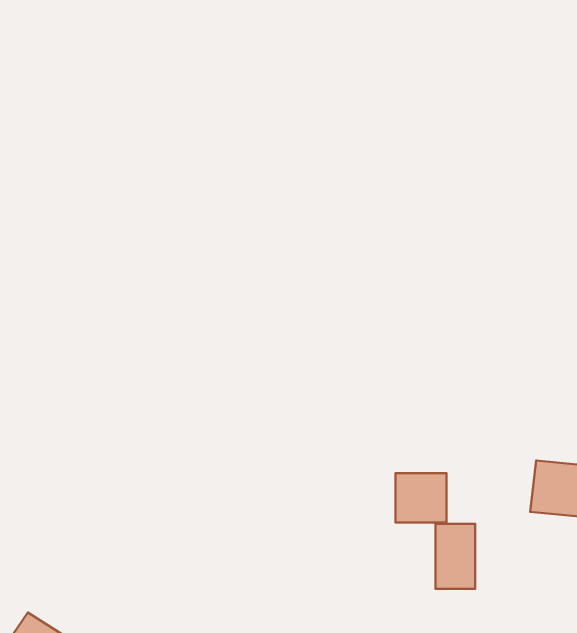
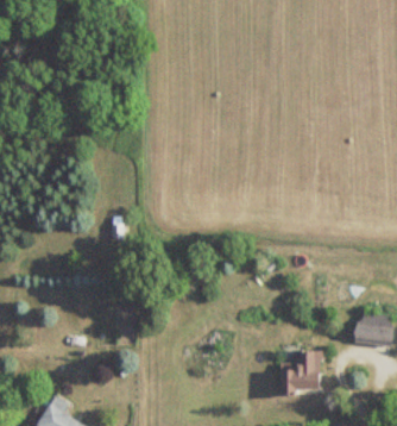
building: [396,473,447,523] -> none

